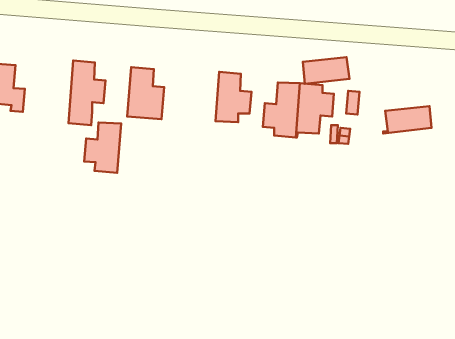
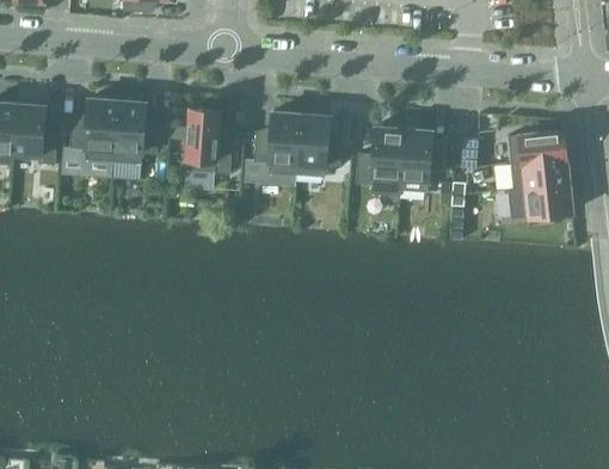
building: [303,57,349,84] -> [508,130,566,163]
building: none -> [254,112,301,177]
building: [84,122,121,173] -> [70,99,117,162]
building: none -> [508,185,572,222]

